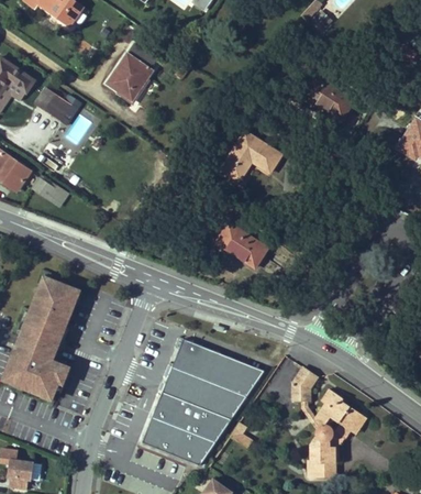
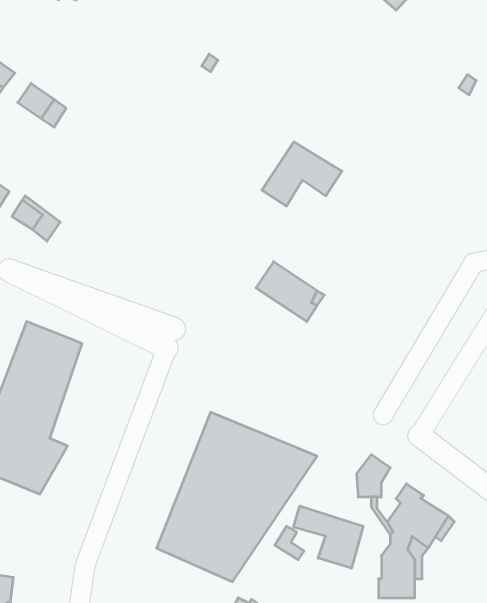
building: [106,44,155,101] -> none
building: [303,77,353,119] -> none
building: none -> [294,506,363,568]

